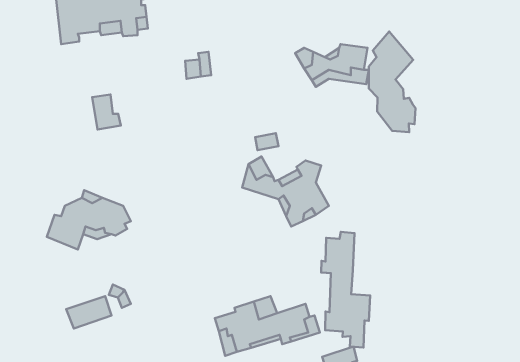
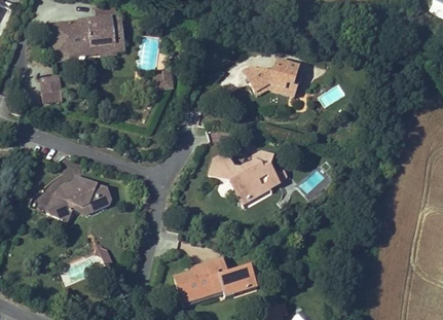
building: [369,32,415,132] -> none
building: [92,95,121,129] -> [42,75,65,103]
building: [321,232,370,347] -> none

